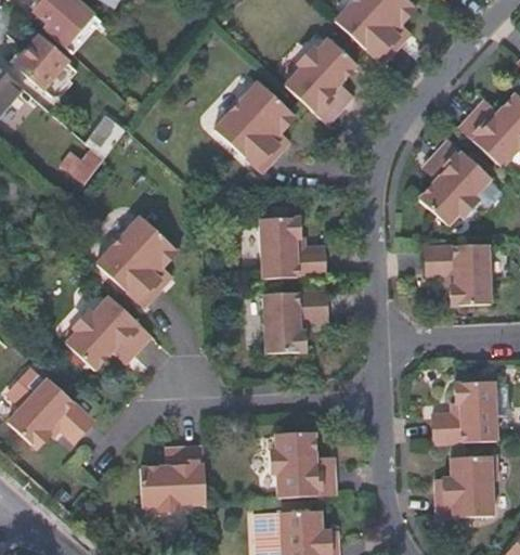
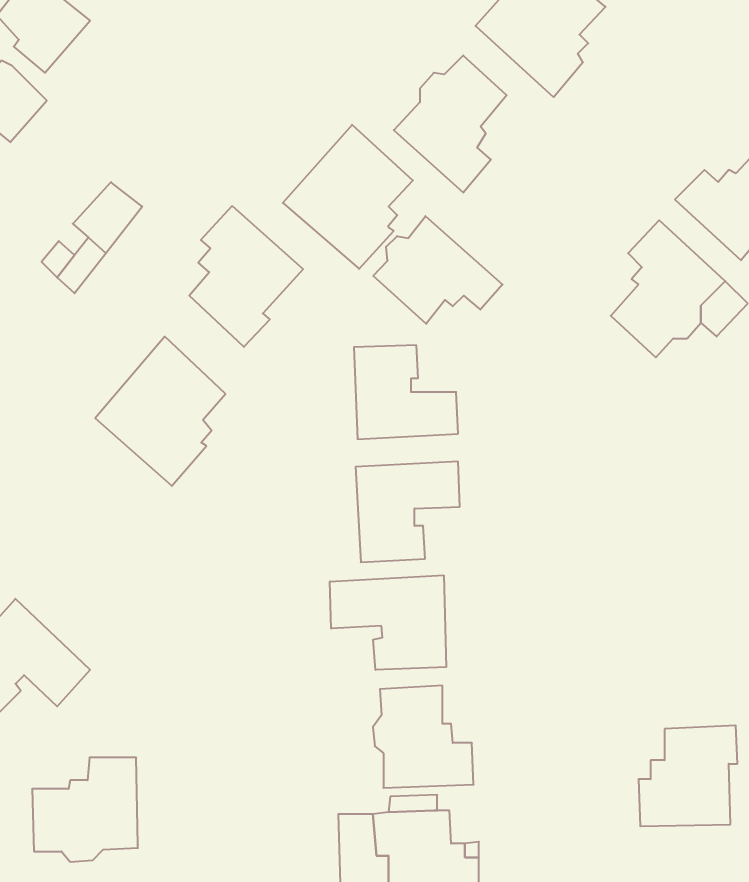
building: none -> [189,206,303,347]
building: none -> [373,216,503,324]
building: [424,244,490,306] -> none
building: [67,296,152,370] -> none
building: none -> [330,575,446,670]
building: [432,380,497,442] -> none
building: [139,444,205,509] -> [32,758,138,862]

